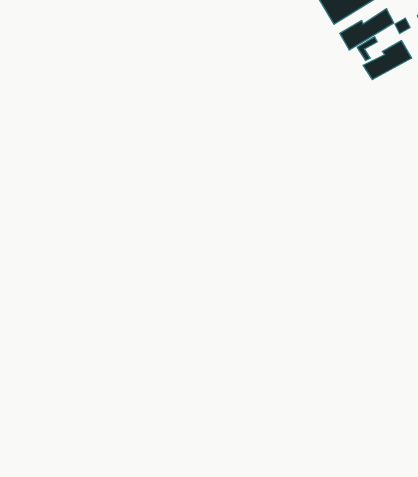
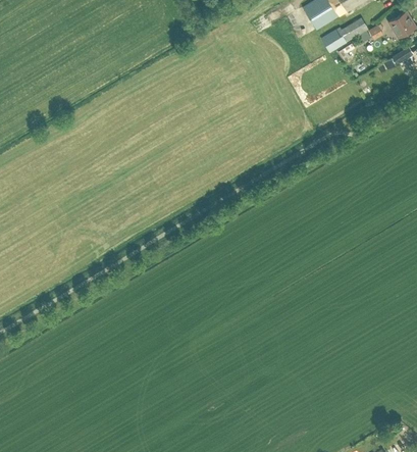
building: [363,41,412,80] -> none

